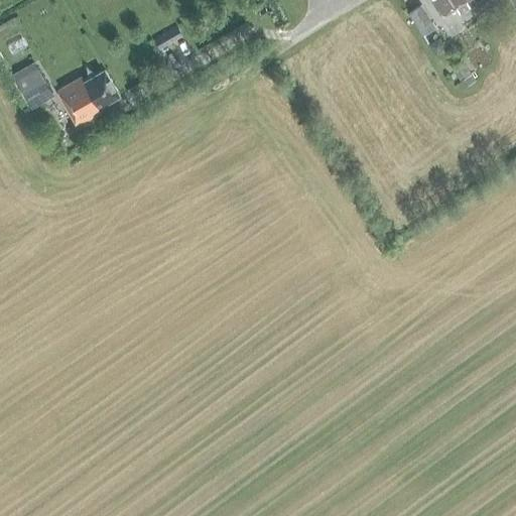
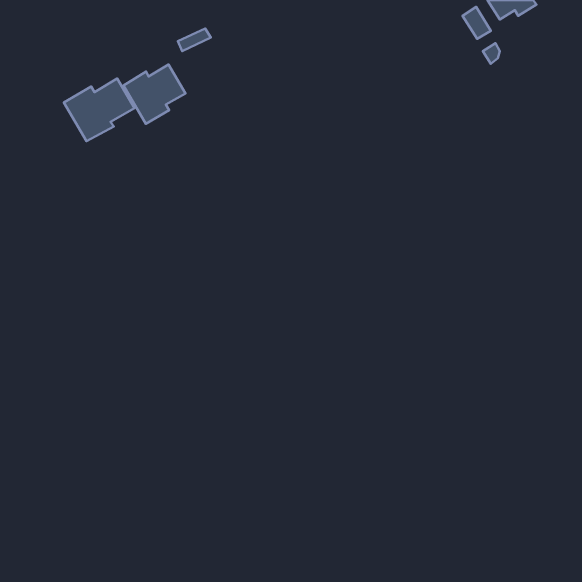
building: none -> [124,64,186,124]
building: [14,67,53,109] -> none

